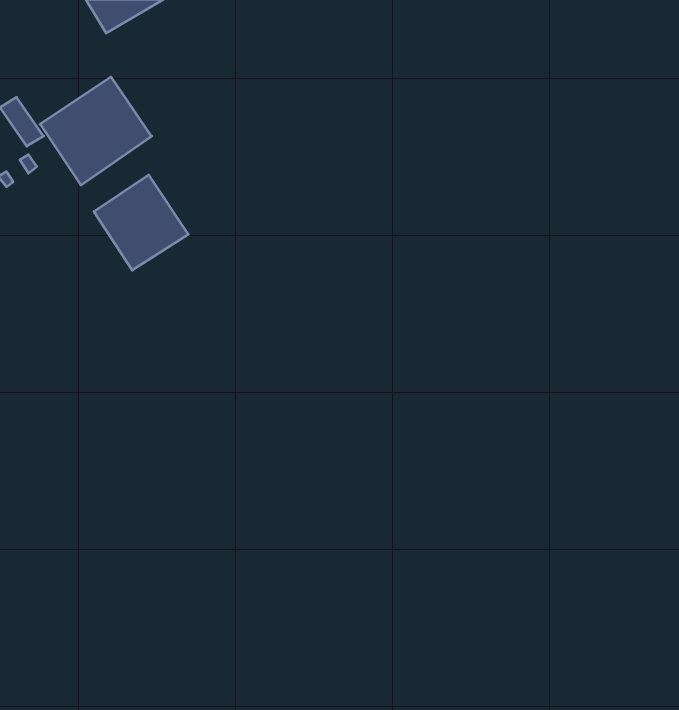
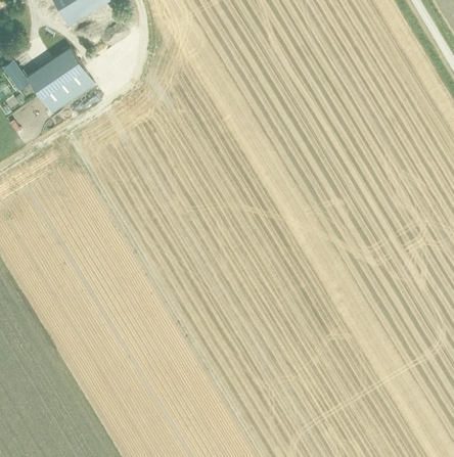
building: [94,175,188,270] -> none

